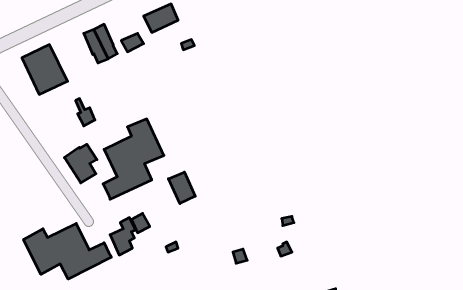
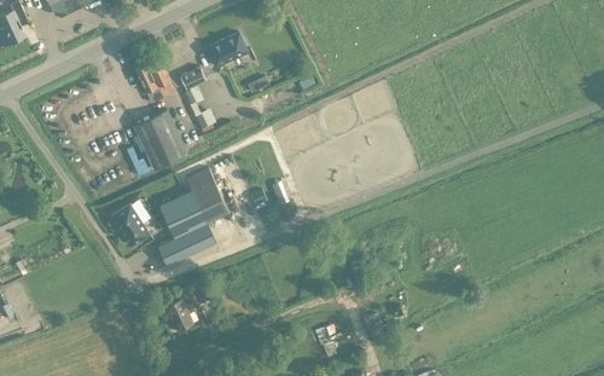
building: [22,45,68,94] -> [133,111,187,170]
building: [168,172,195,204] -> none
building: [24,223,111,279] -> none

